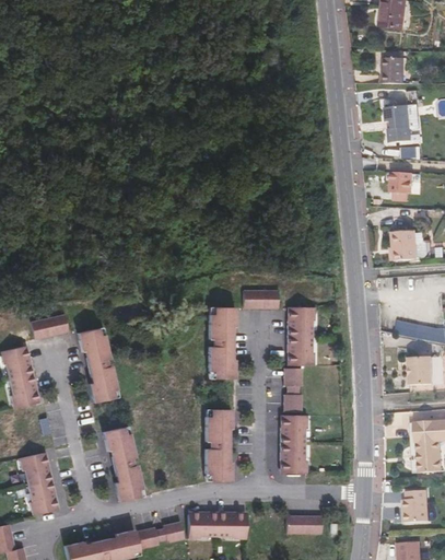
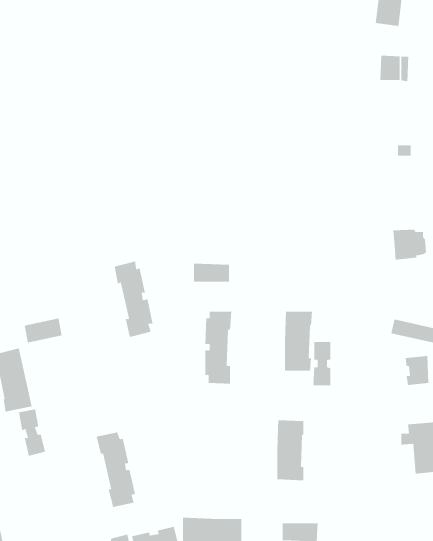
building: [386,103,413,141] -> none
building: [396,168,418,190] -> none
building: [245,291,281,310] -> [193,263,230,282]
building: [79,328,118,404] -> [114,261,154,337]
building: [284,370,303,413] -> [312,341,331,386]
building: [206,410,233,482] -> none
building: [19,452,58,515] -> none
building: [402,488,428,520] -> none

